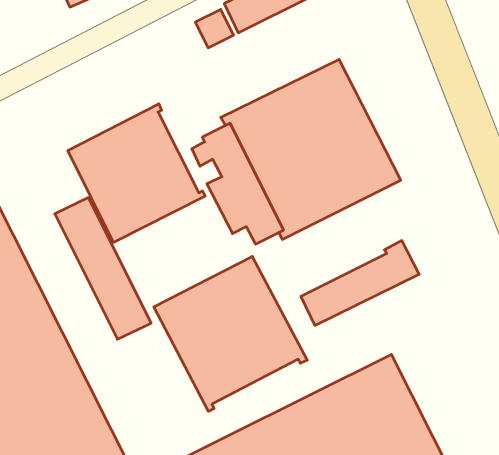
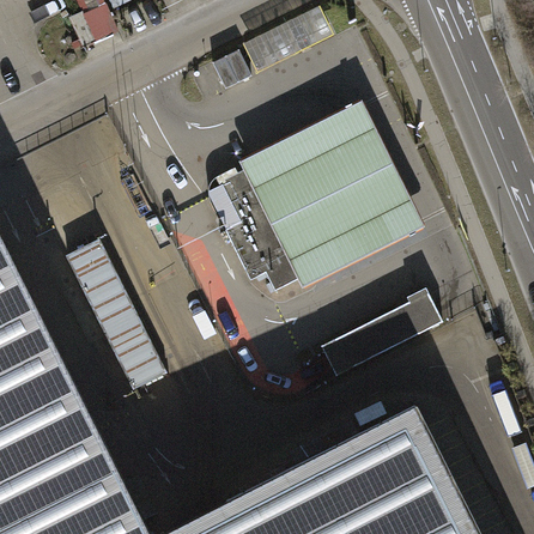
building: [68,104,205,242] -> none
building: [154,256,307,411] -> none

